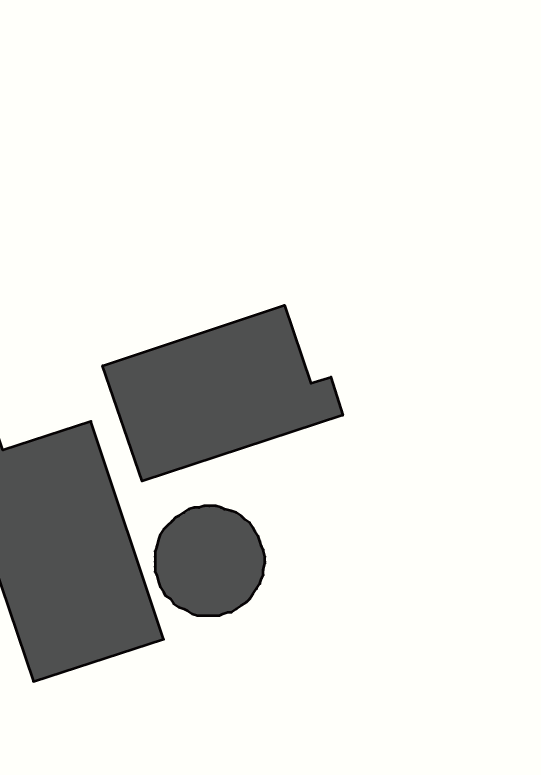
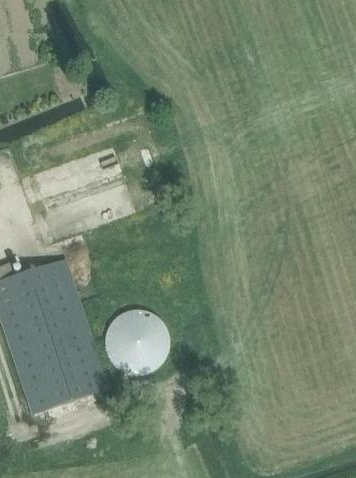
building: [103,305,343,481] -> none

